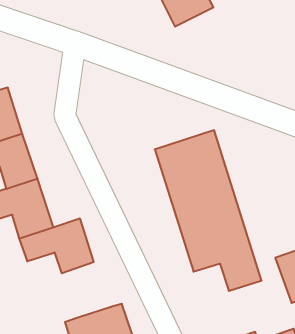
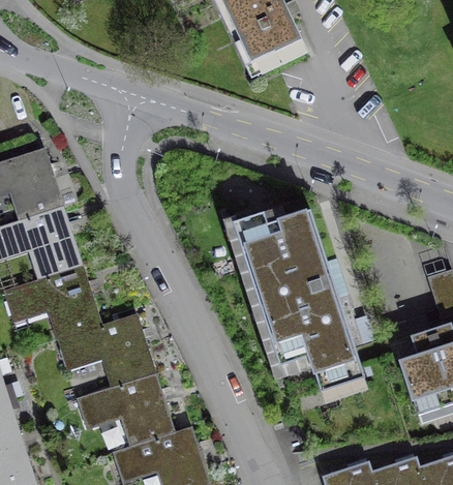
building: none -> [78,371,176,444]

